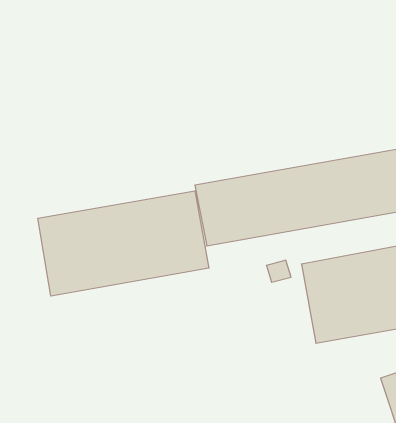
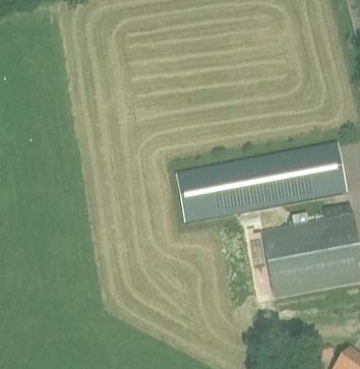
building: [38,191,209,296] -> none

